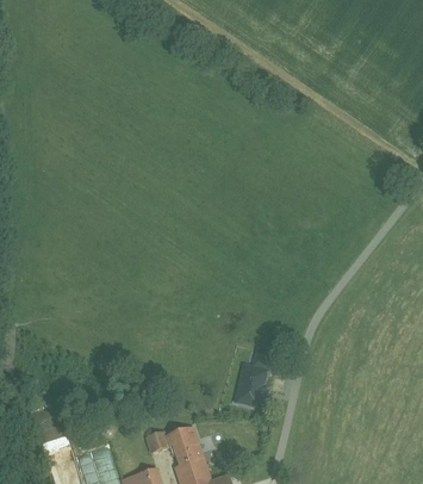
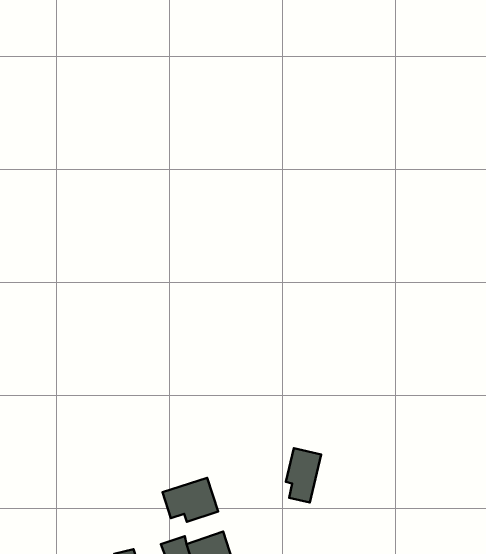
building: none -> [163,478,218,522]

